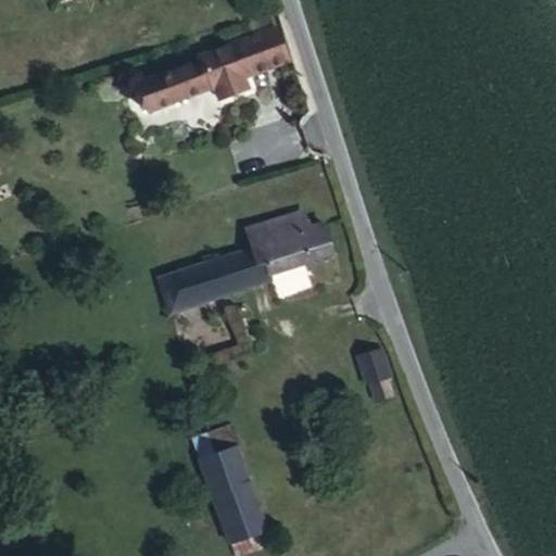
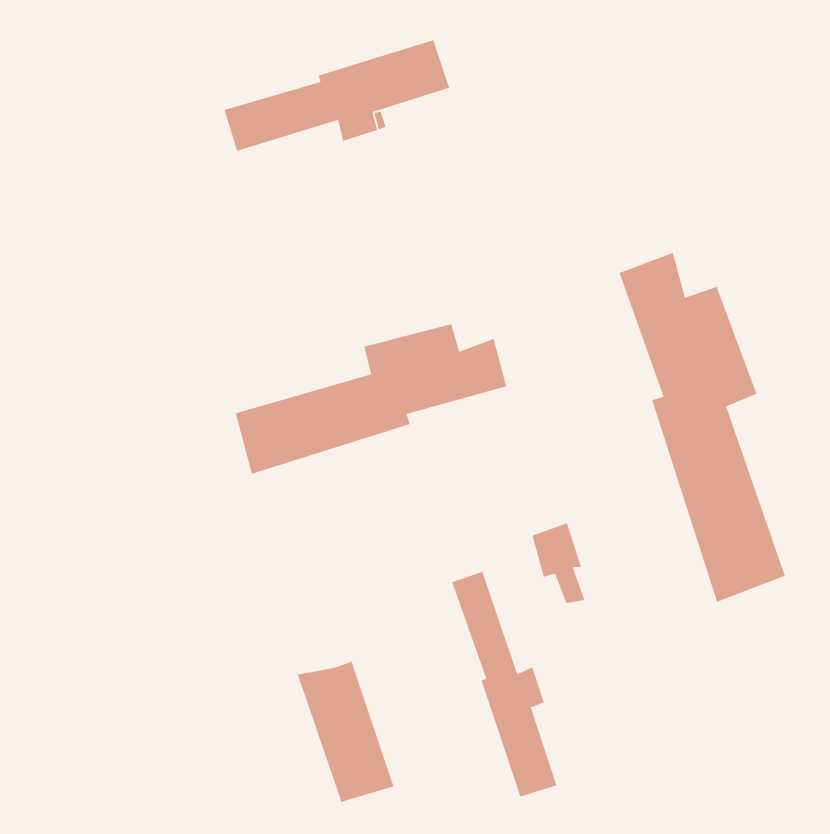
building: none -> [619,252,786,603]
building: none -> [451,571,558,797]

